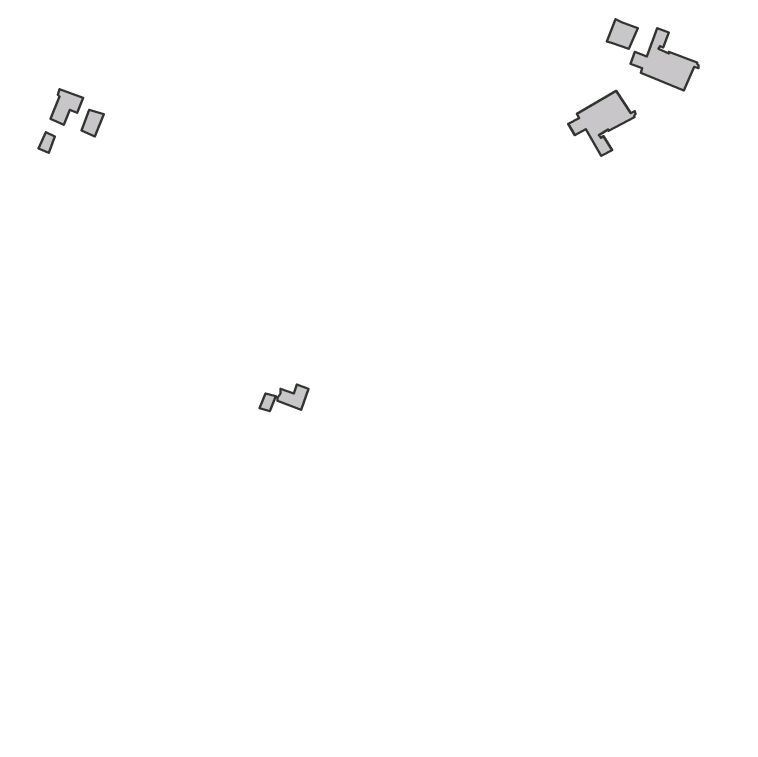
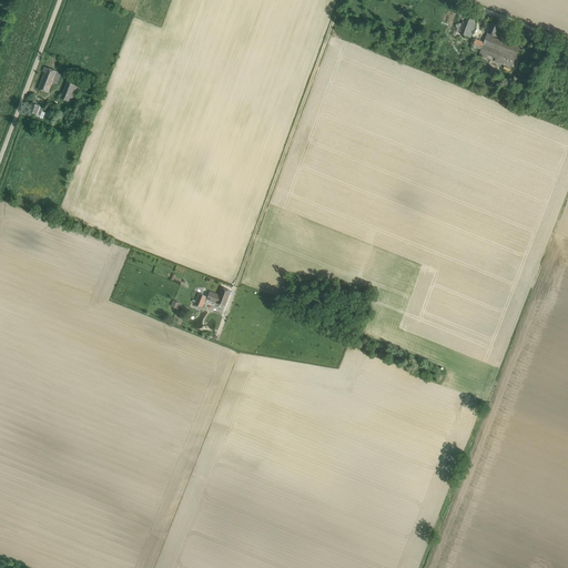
building: [568,91,635,156] -> none

